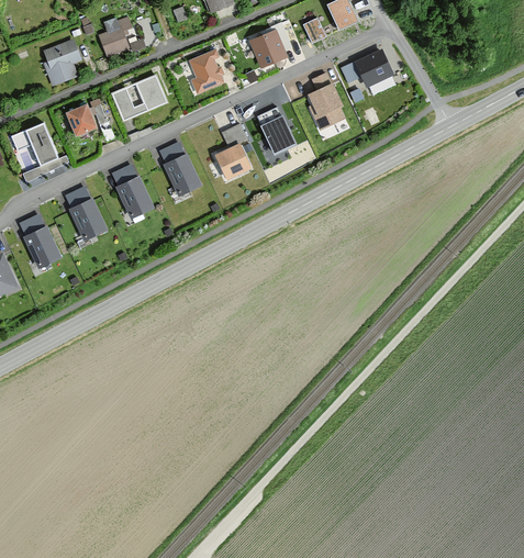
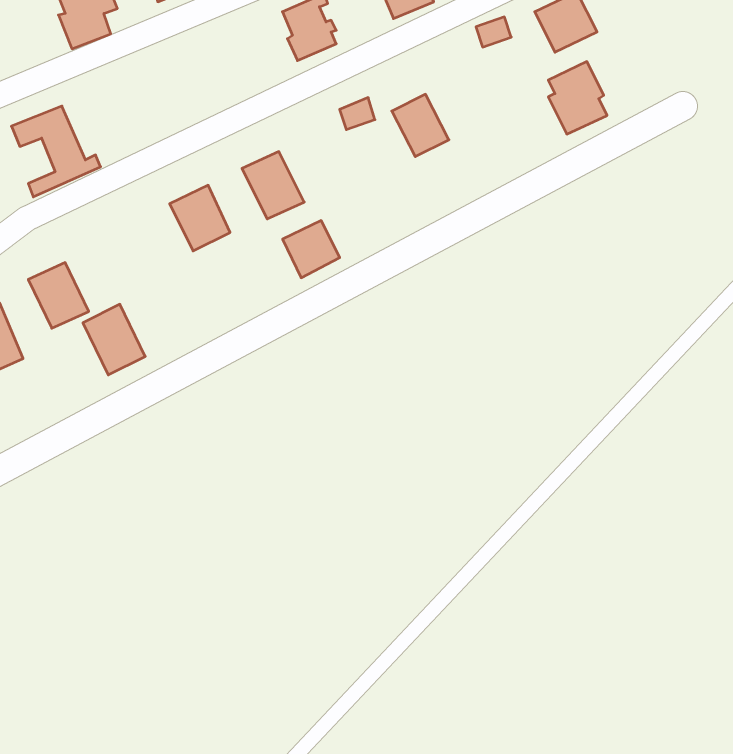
building: [111,72,168,121] -> none
building: [306,82,345,130] -> [548,62,607,134]
building: [66,102,99,135] -> none
building: [214,143,252,180] -> [283,221,340,278]
building: [68,197,109,243] -> [83,304,145,375]

